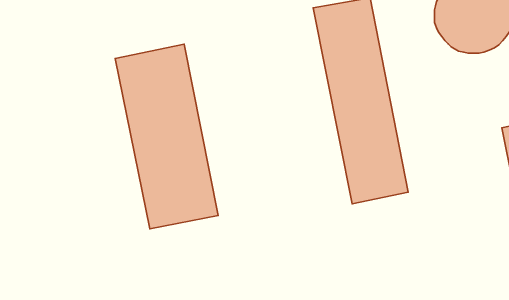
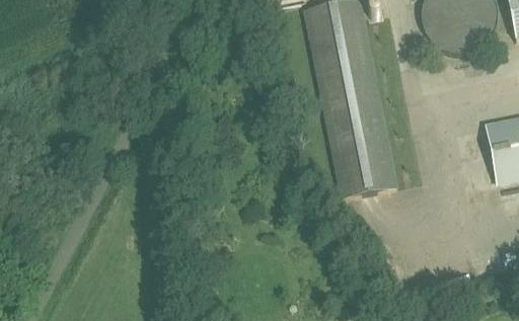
building: [115,44,218,229] -> none

